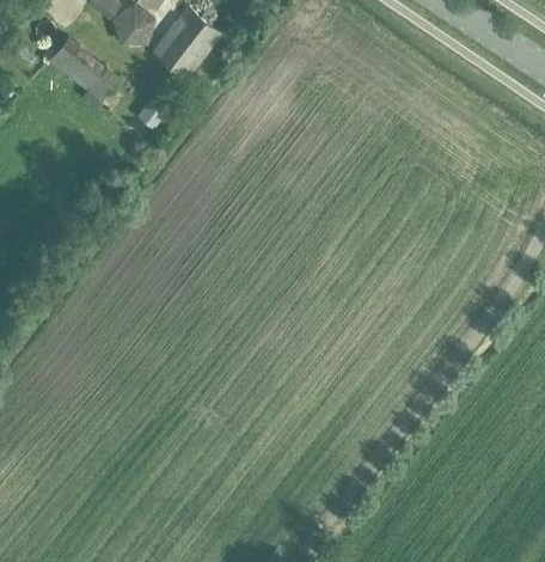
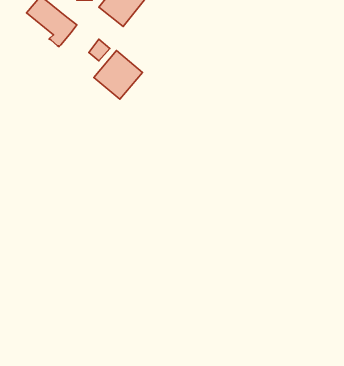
building: none -> [94,51,142,99]

